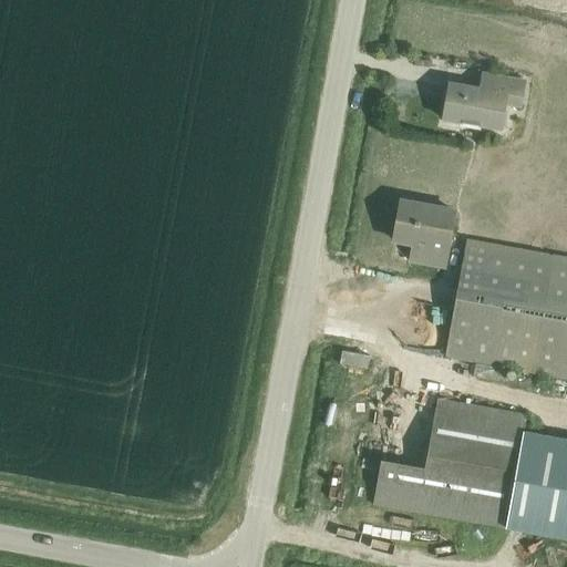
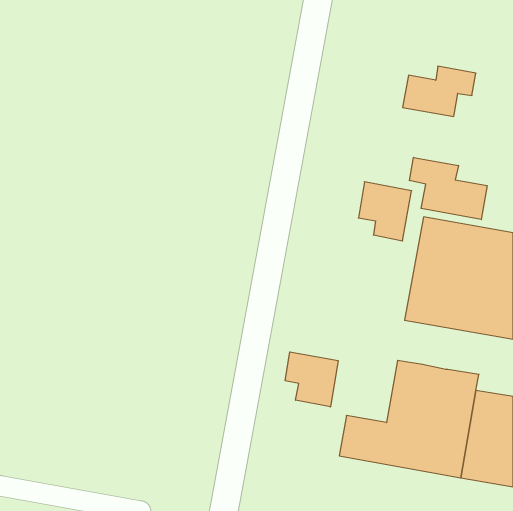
building: none -> [409,157,487,220]
building: none -> [285,352,338,407]

